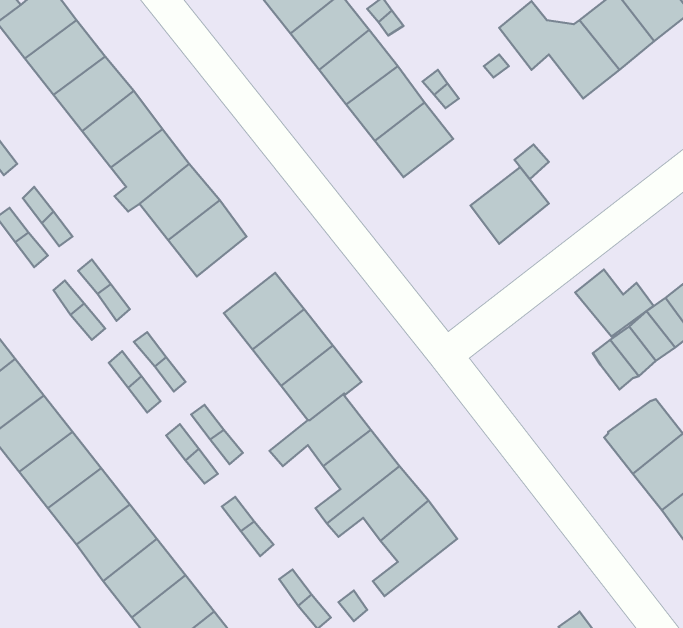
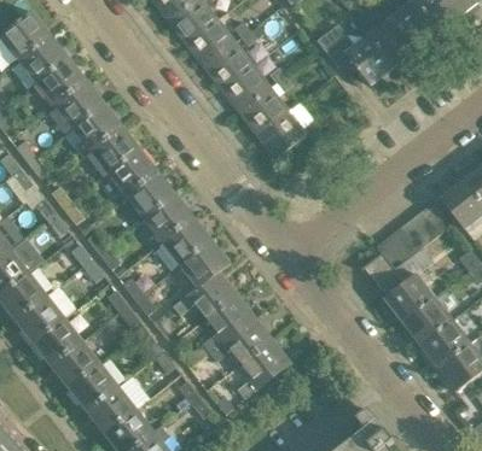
building: [471,167,549,244] -> [256,110,306,158]
building: none -> [126,171,175,219]
building: [575,269,654,336] -> [362,252,412,294]

